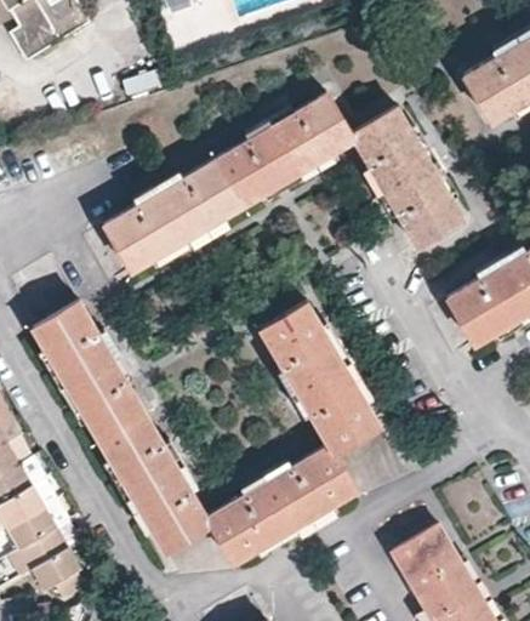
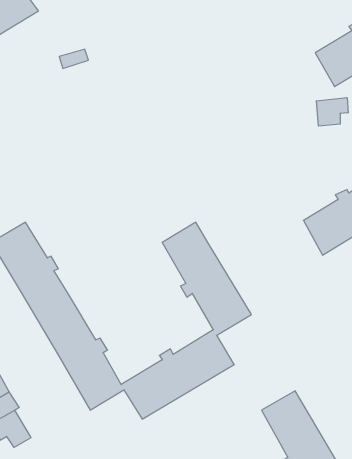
building: [106,97,463,270] -> none
building: none -> [317,98,348,126]

